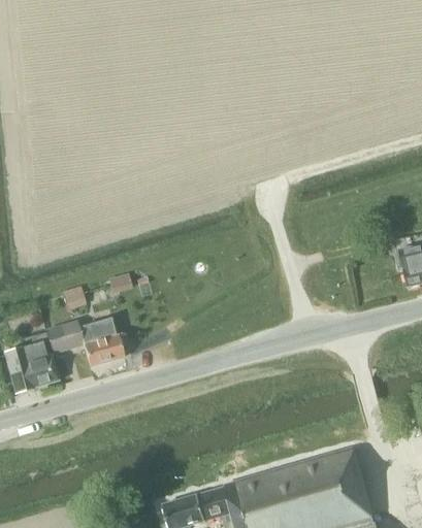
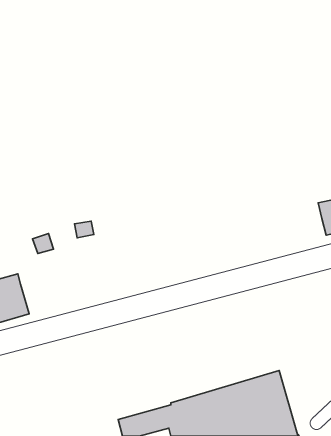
building: [45,318,127,366] -> none

